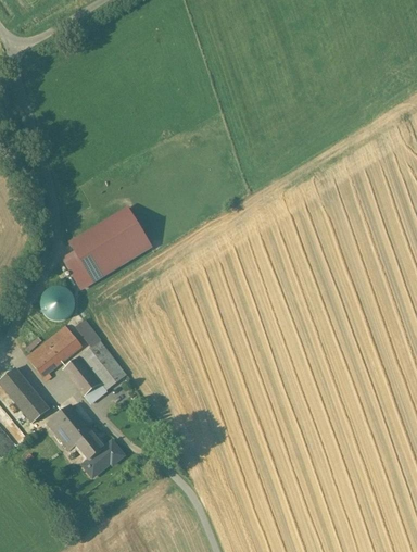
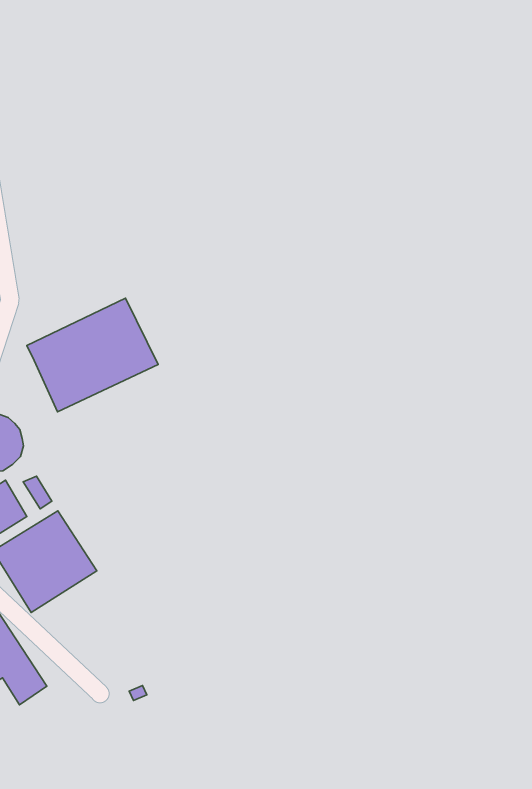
building: [63,251,93,289] -> none
building: [83,440,124,475] -> none

